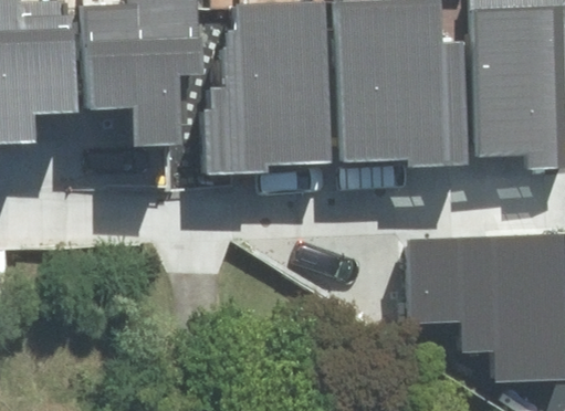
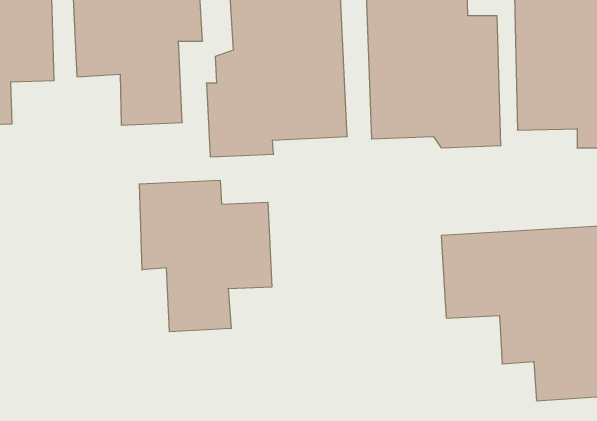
building: none -> [139,180,272,332]

